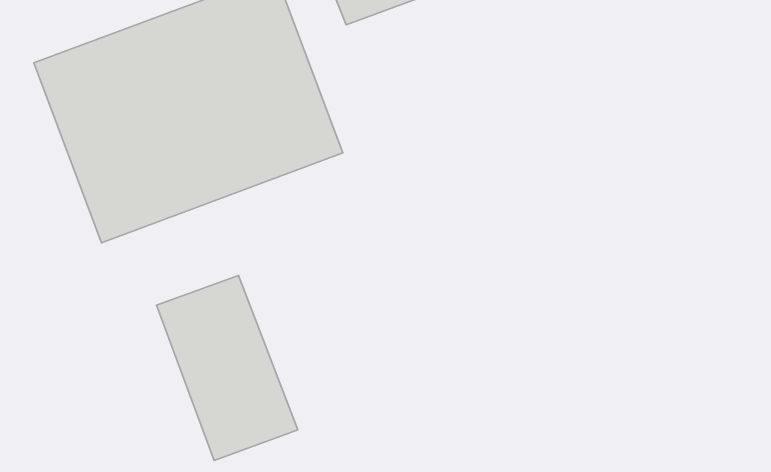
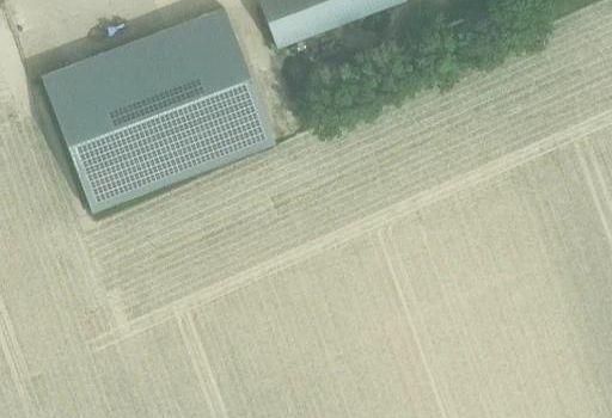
building: [156,276,298,460] -> none

